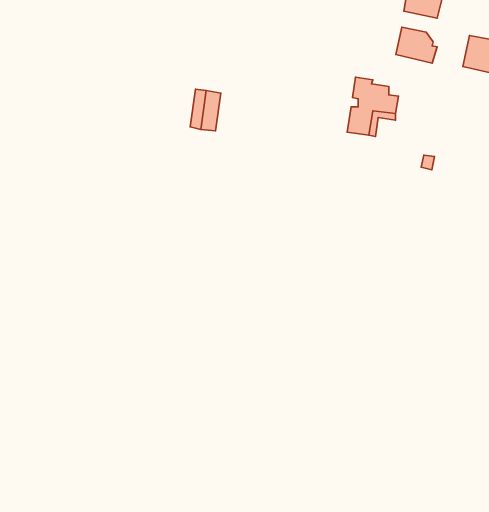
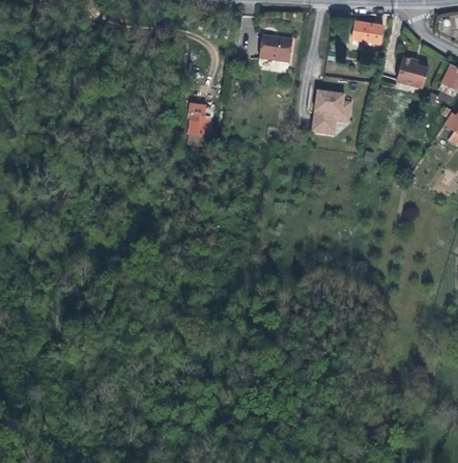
building: none -> [256,42,289,62]
building: [396,27,437,63] -> none

